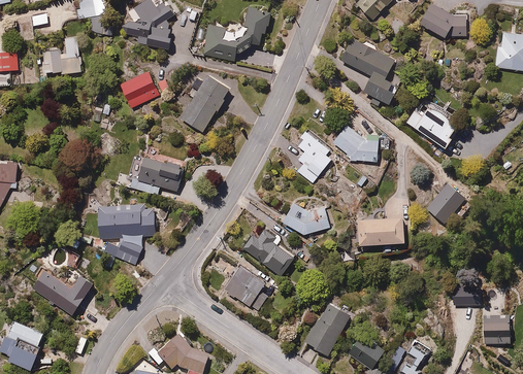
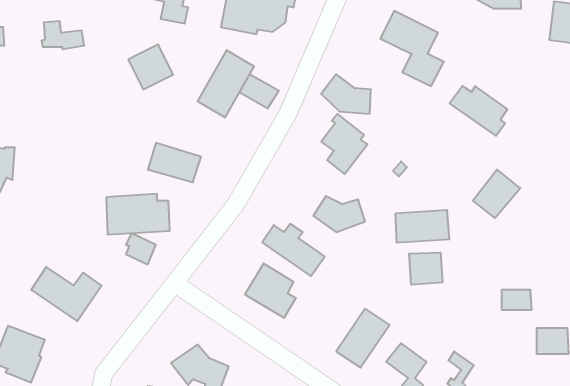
building: none -> [239,74,279,109]
building: [334,126,379,161] -> [321,74,371,114]
building: none -> [409,252,442,285]

